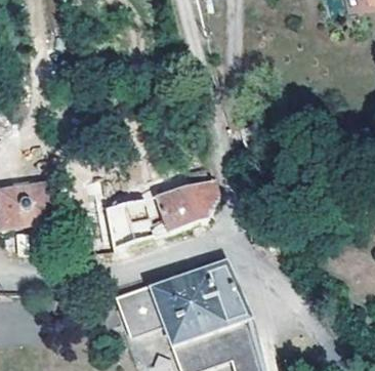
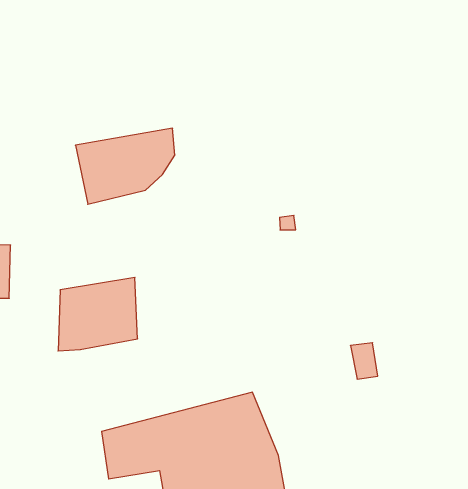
building: [149,179,214,234] -> [75,128,175,204]

